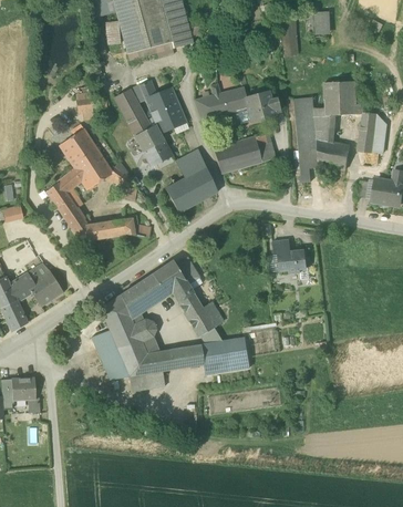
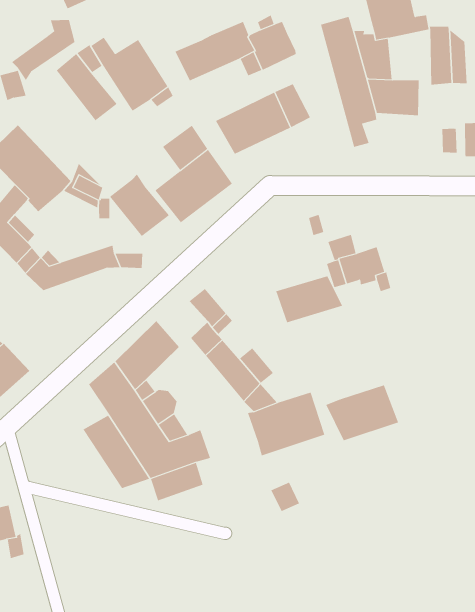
building: none -> [11,19,75,81]
building: [135,123,173,165] -> [109,173,170,237]
building: [153,259,186,292] -> none
building: none -> [276,276,343,323]
building: none -> [325,385,399,441]
building: [169,343,205,369] -> none

